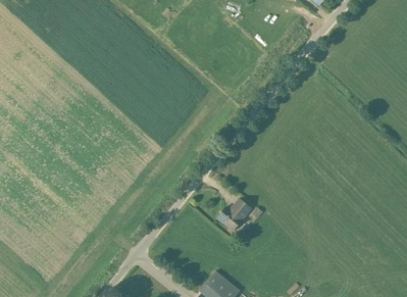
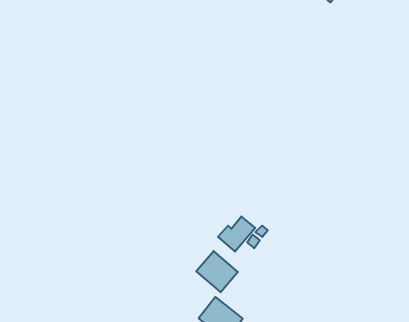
building: none -> [196,251,238,292]

